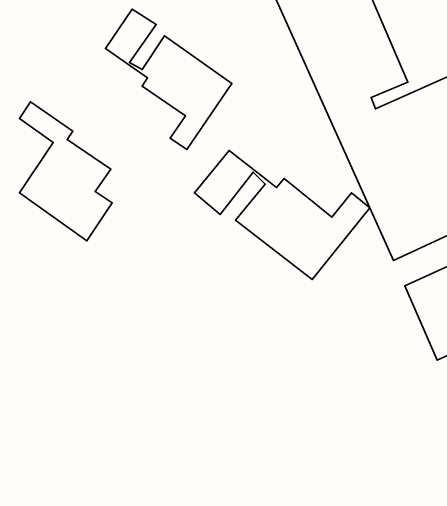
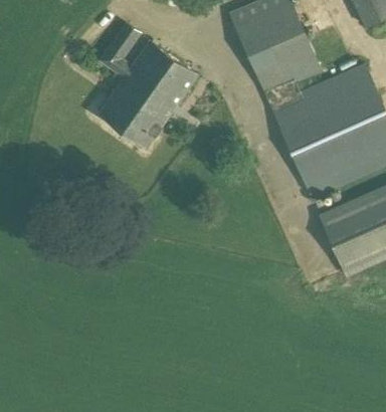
building: [19,102,112,241] -> [99,48,165,148]
building: [195,150,370,279] -> none

